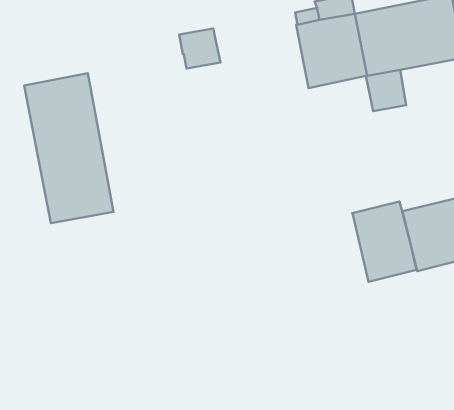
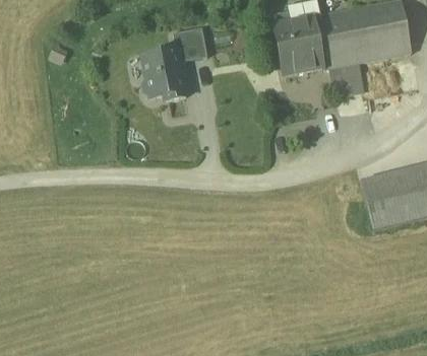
building: none -> [144,48,188,98]
building: [24,73,113,223] -> none
building: [352,202,417,282] -> none

